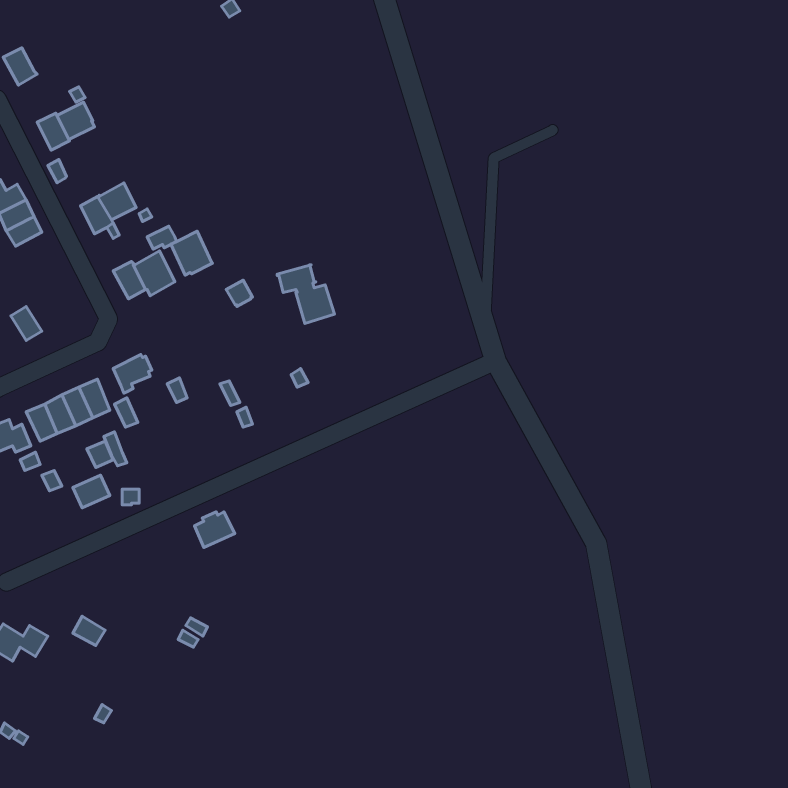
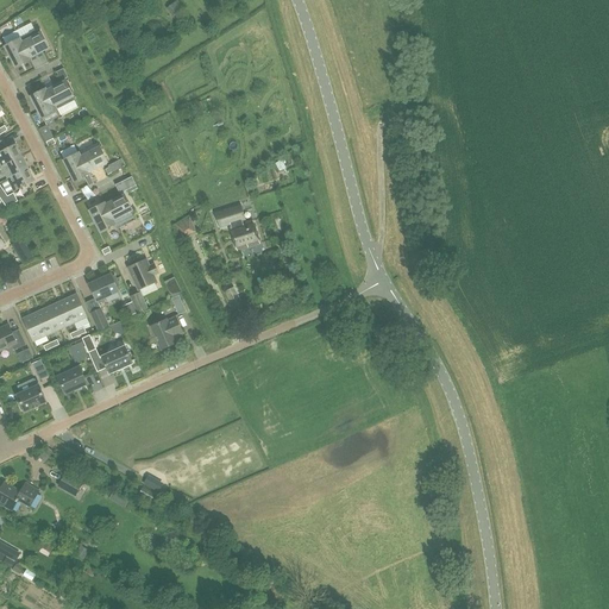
building: none -> [17,19,46,55]
building: [171,231,213,275] -> none
building: none -> [126,257,156,288]
building: none -> [149,314,181,347]
building: none -> [15,377,44,408]
building: [195,512,235,548] -> [100,344,131,371]

